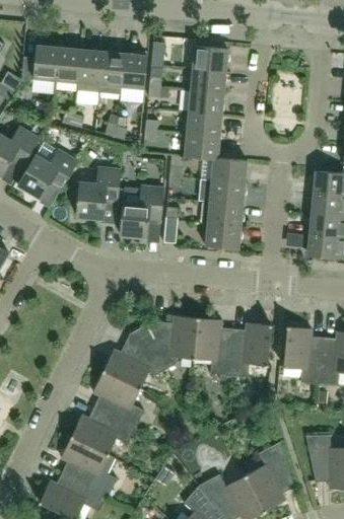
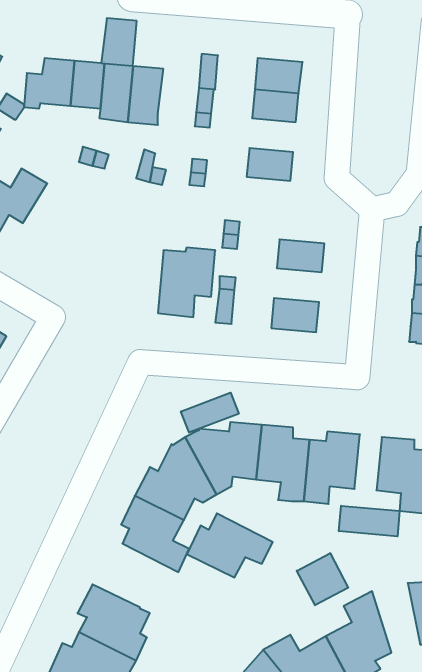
building: [121,53,147,88] -> [101,18,137,66]
building: [189,89,223,115] -> none
building: [185,133,247,182] -> none
building: [18,142,77,198] -> none
building: [72,167,120,218] -> none
building: [201,201,243,226] -> none
building: none -> [181,393,239,433]
building: none -> [339,506,400,536]
building: [72,405,136,453] -> [187,513,273,577]
building: none -> [297,553,348,605]

